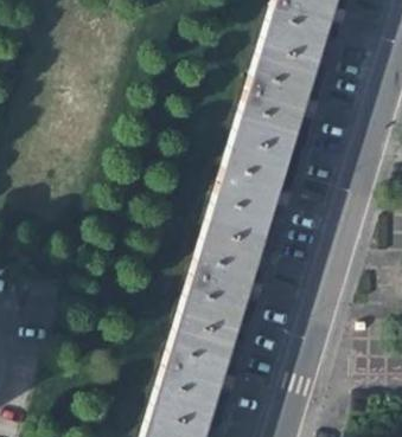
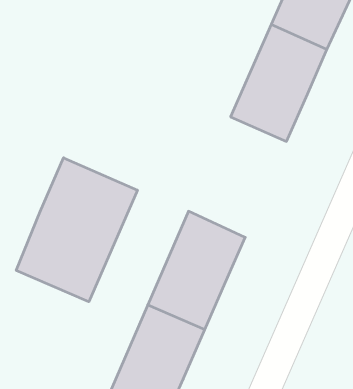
building: [208,133,291,243] -> none
building: none -> [16,158,137,302]

